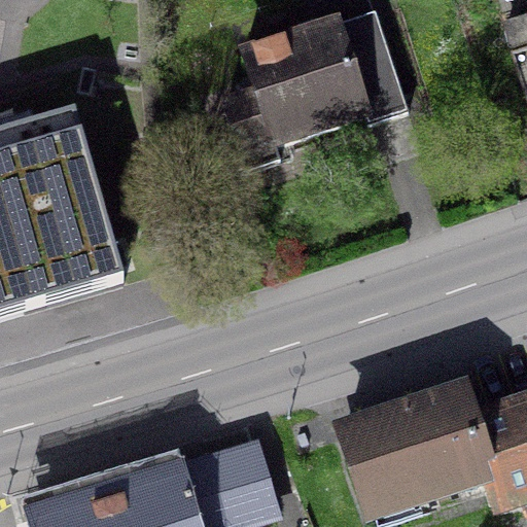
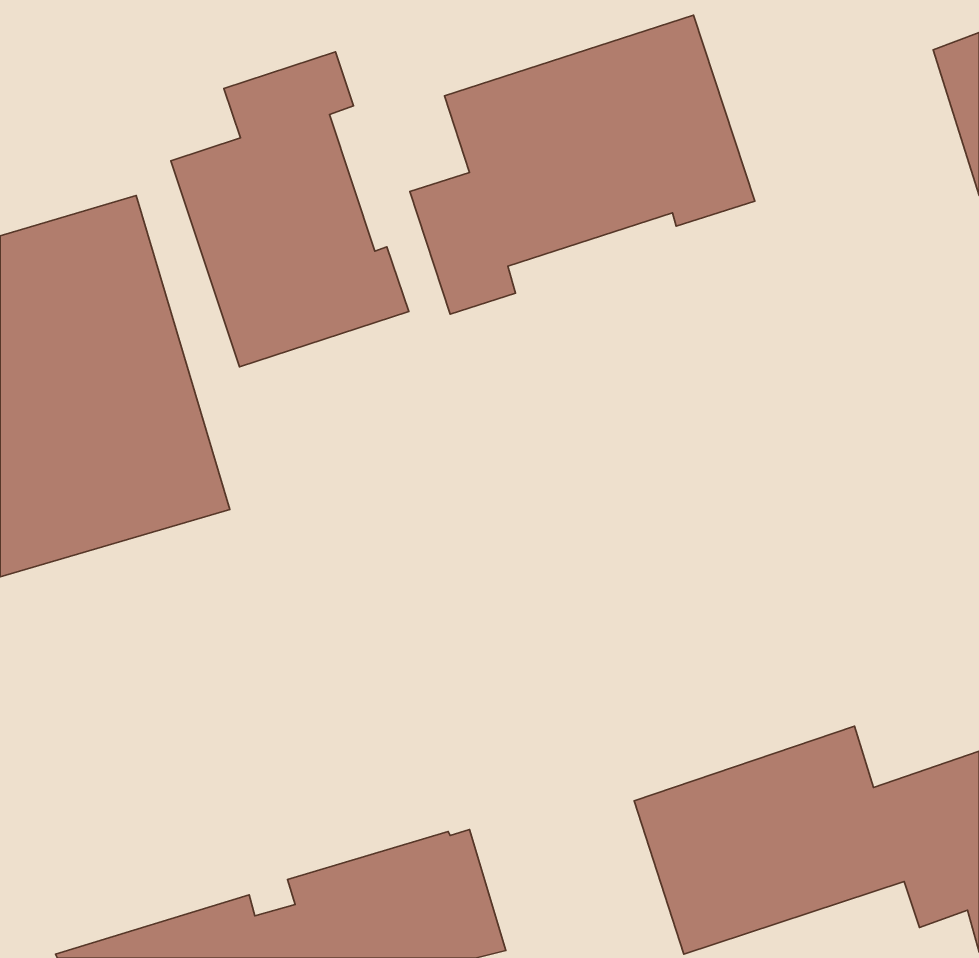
building: none -> [171,52,409,367]

